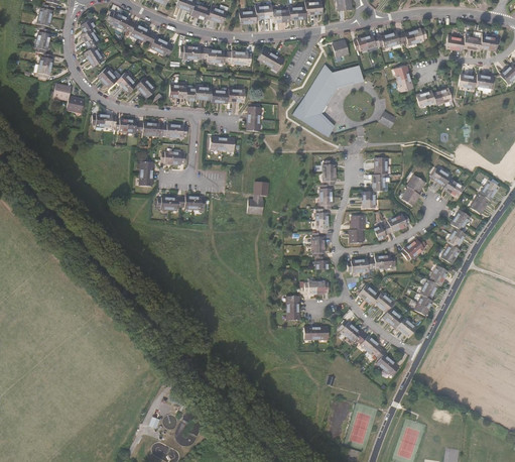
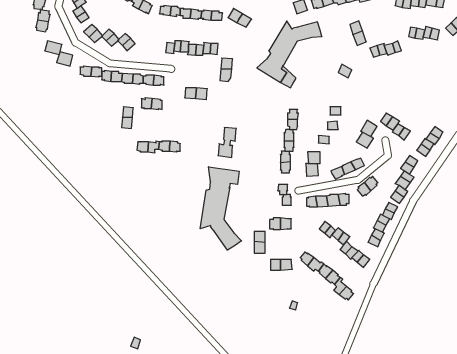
building: none -> [200,167,242,250]

